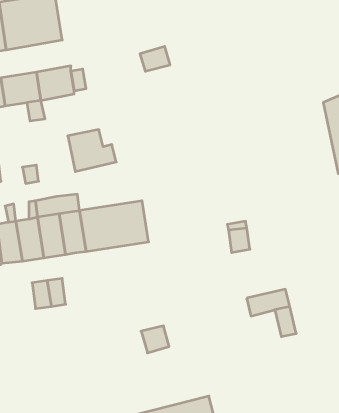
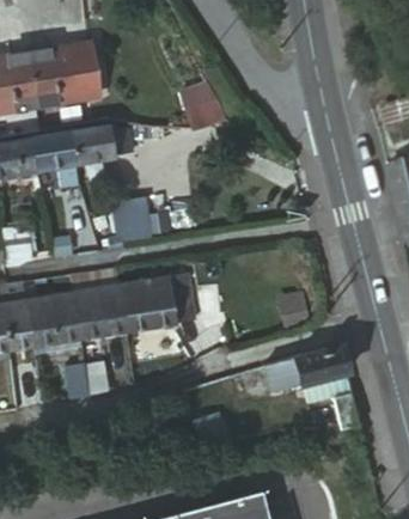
building: none -> [262,347,346,392]

